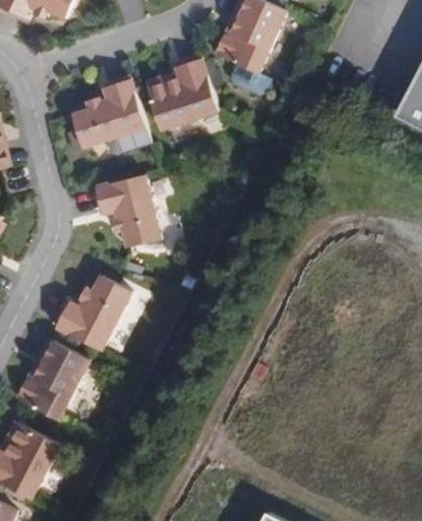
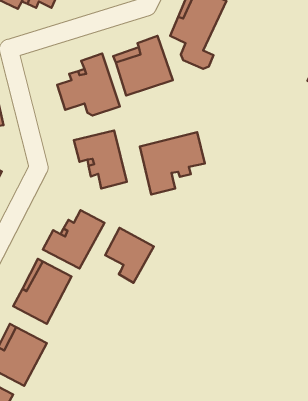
building: none -> [140,132,205,194]
building: none -> [105,228,154,283]

